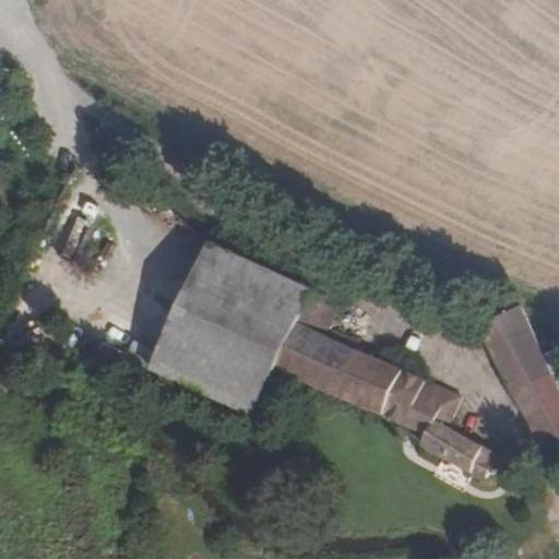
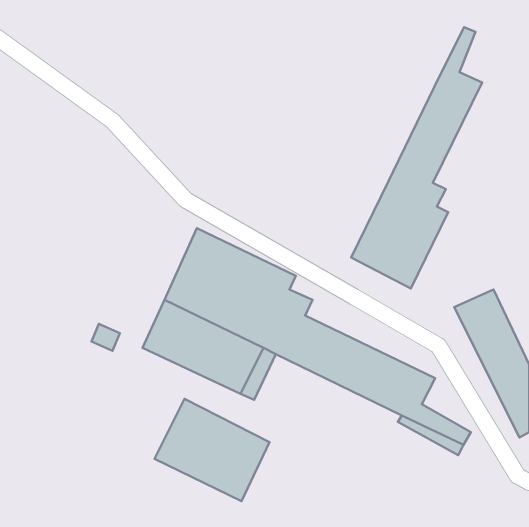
building: none -> [351,27,482,289]
building: none -> [154,399,269,501]

